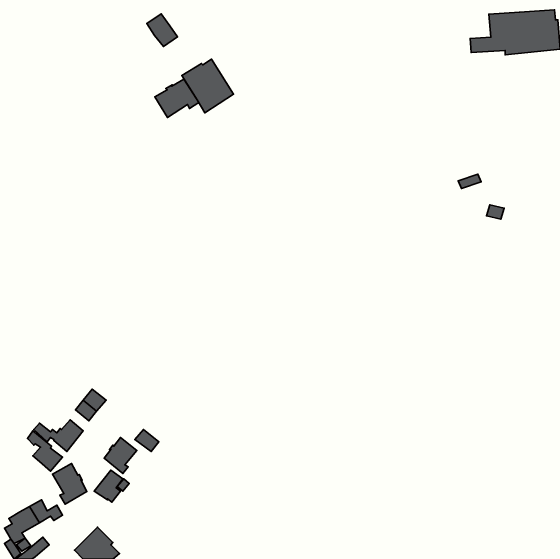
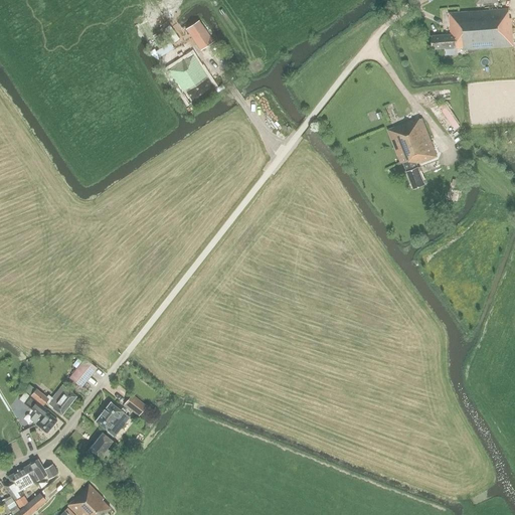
building: [147,14,178,47] -> [186,19,214,49]
building: [155,79,199,117] -> none
building: none -> [387,118,438,188]
building: [52,464,87,504] -> none

